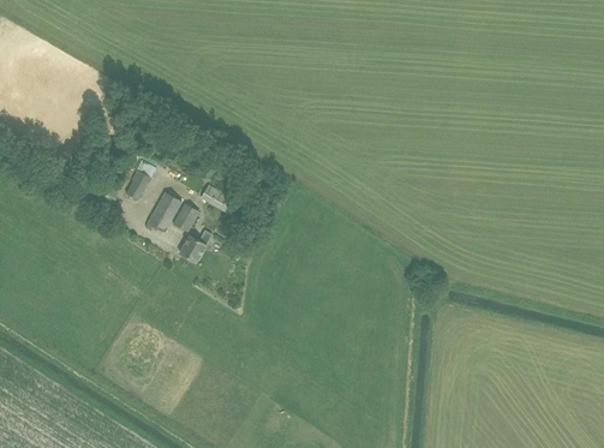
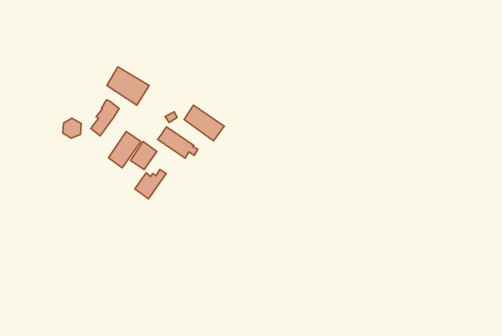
building: none -> [107,67,149,105]
building: none -> [184,105,224,141]

